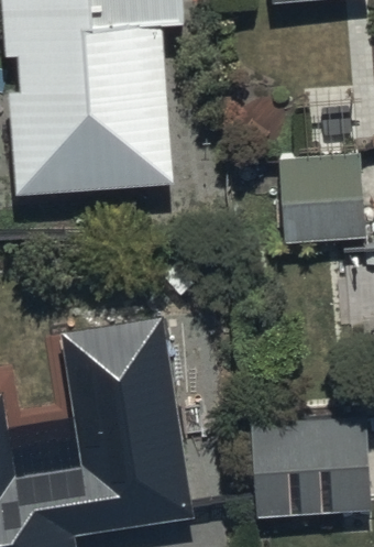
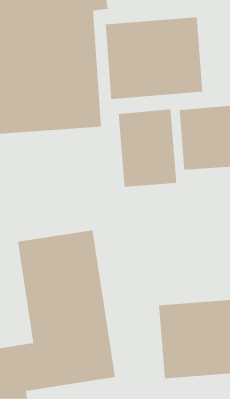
building: none -> [105,17,203,100]
building: none -> [118,108,177,187]

